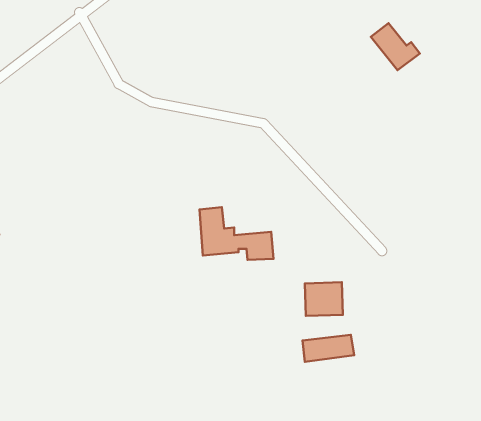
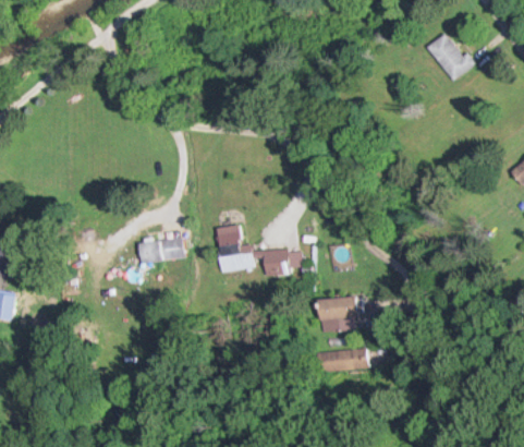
building: [371,23,420,70] -> [426,34,474,80]
building: none -> [138,235,184,263]

